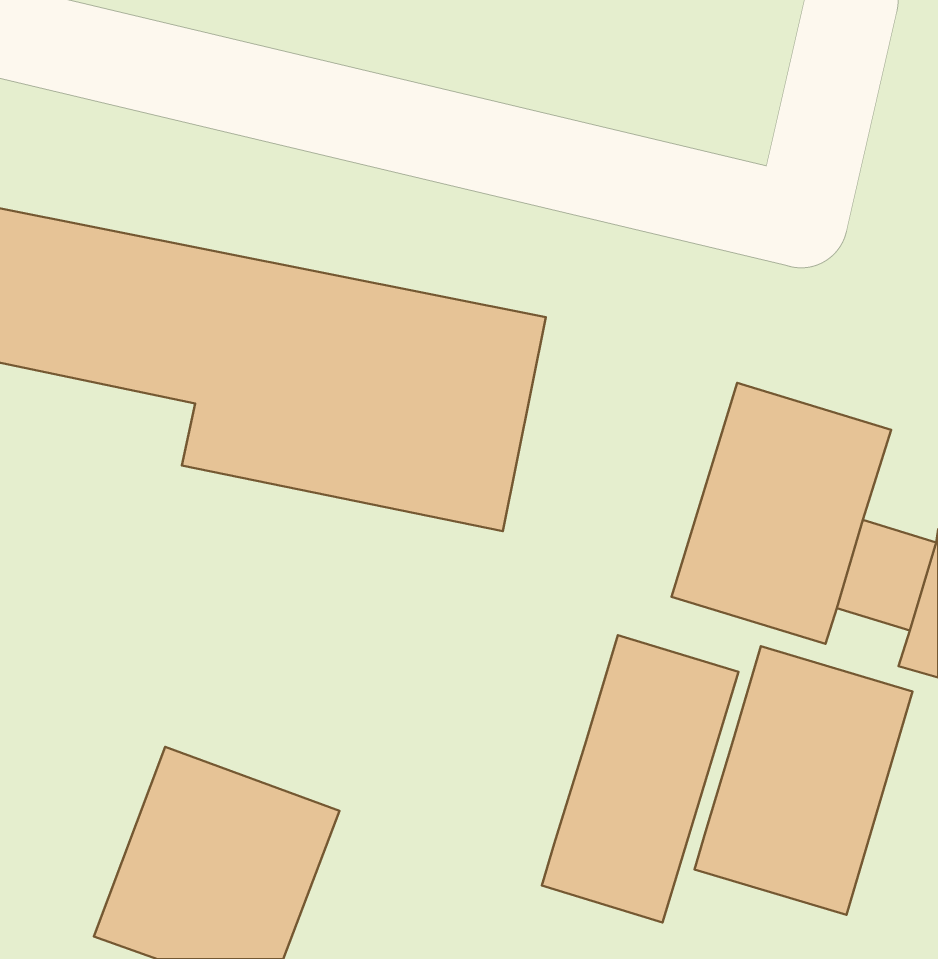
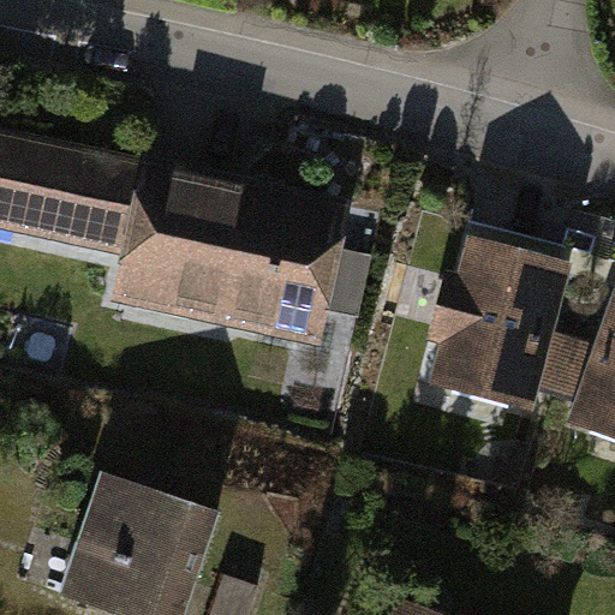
building: [542,635,739,923] -> none
building: [695,646,913,915] -> none

